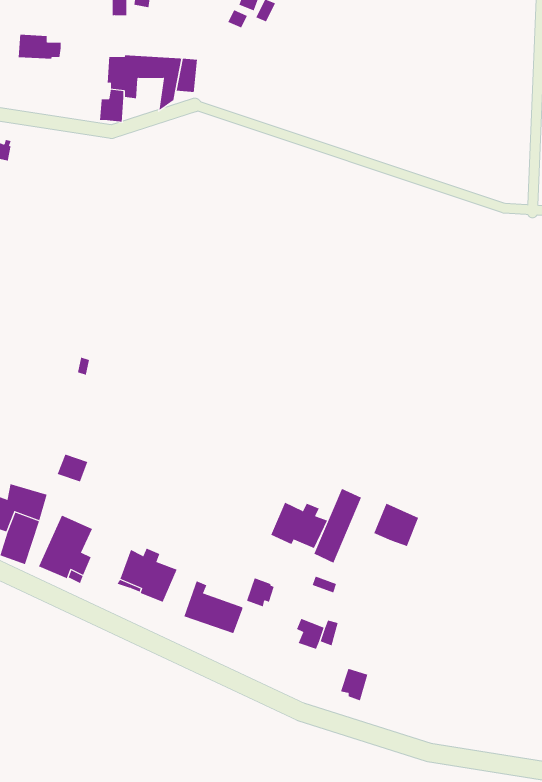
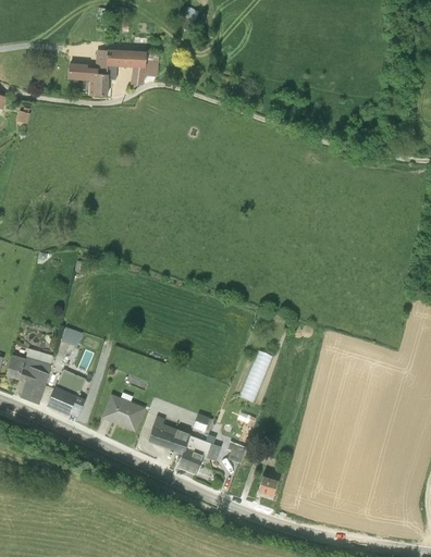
building: [18,34,62,59] -> [66,64,97,82]
building: [271,502,328,549] -> none
building: [373,503,419,547] -> none
building: none -> [176,435,217,474]

